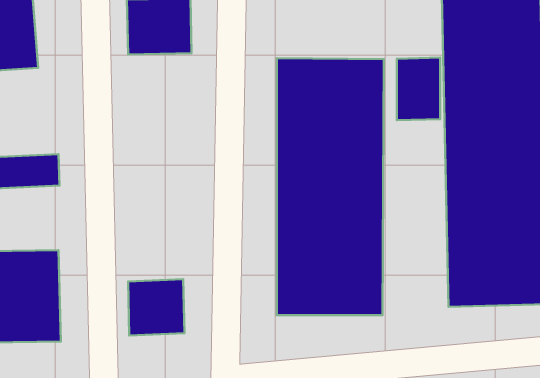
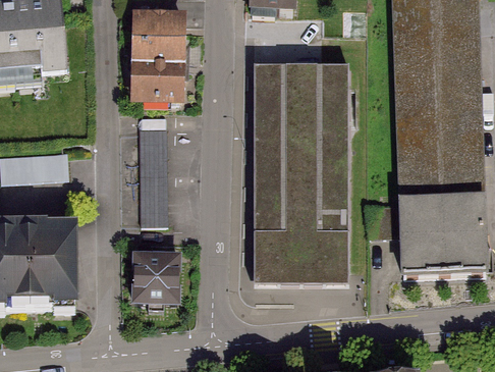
building: none -> [129,58,183,91]
building: [397,58,440,120] -> none
building: none -> [142,123,172,217]

